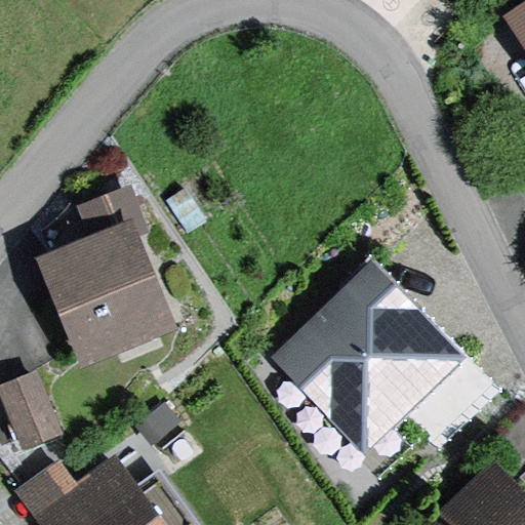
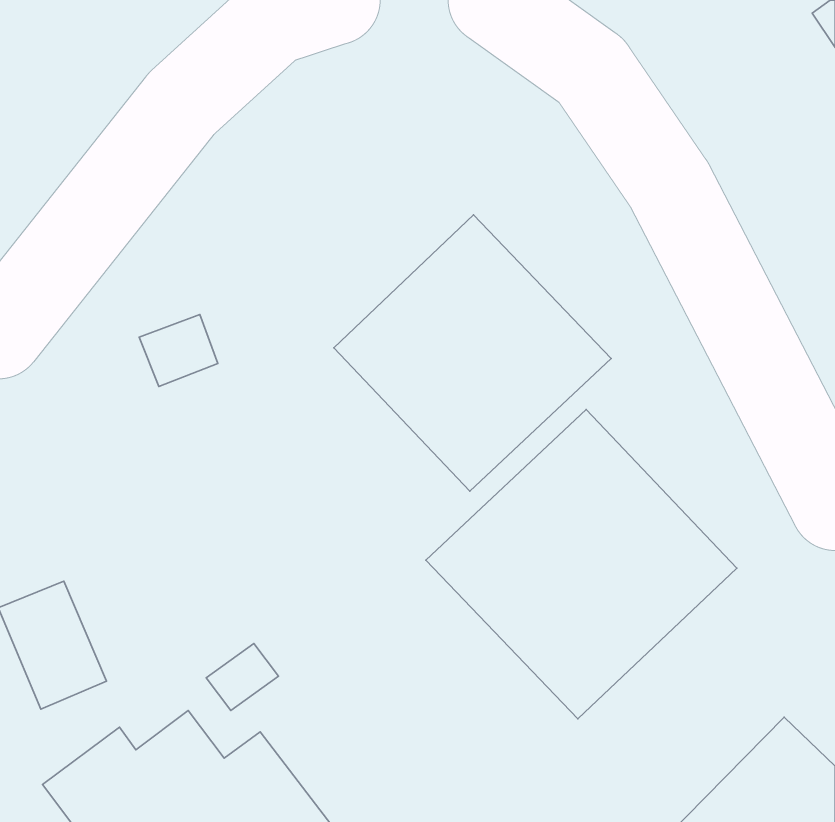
building: none -> [334,215,611,491]
building: [53,249,150,356] -> none

